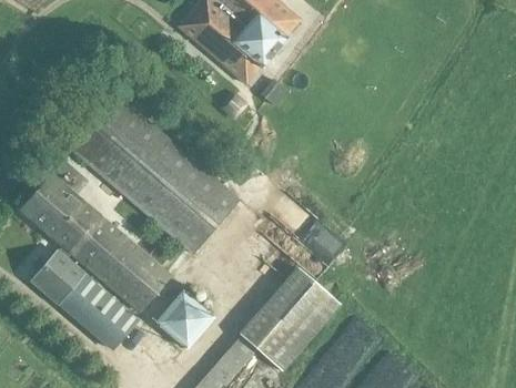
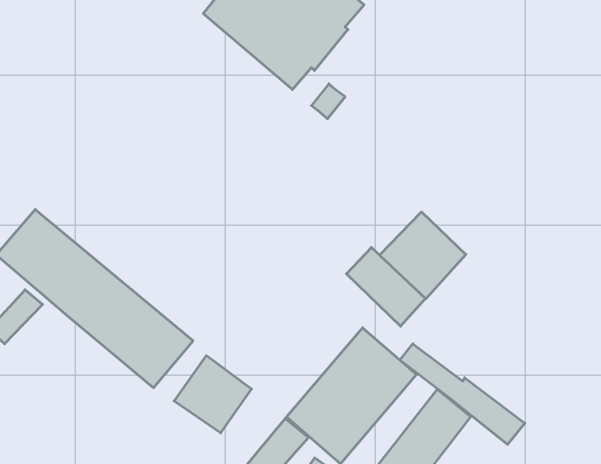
building: [71,96,237,253] -> none
building: none -> [379,212,466,299]
building: [34,249,139,351] -> none
building: none -> [400,344,525,444]

